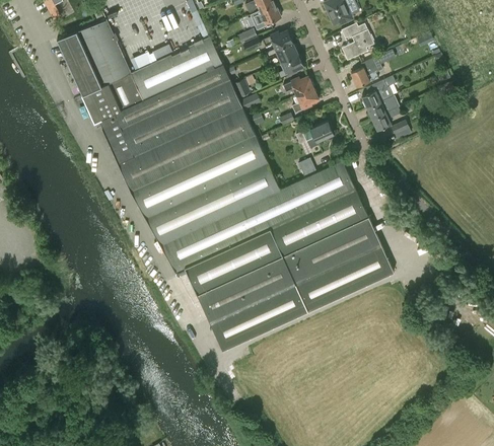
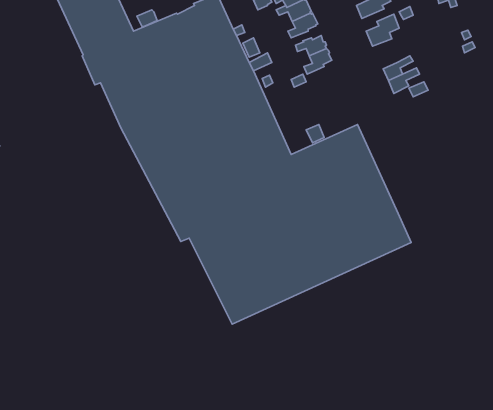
building: [361,80,394,108] -> none
building: [296,121,334,144] -> none

